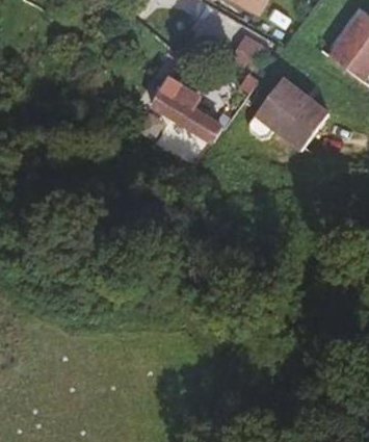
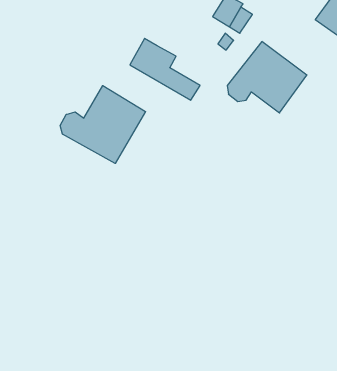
building: none -> [60,86,146,163]

